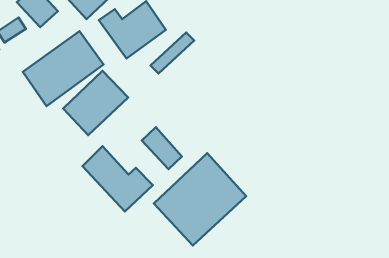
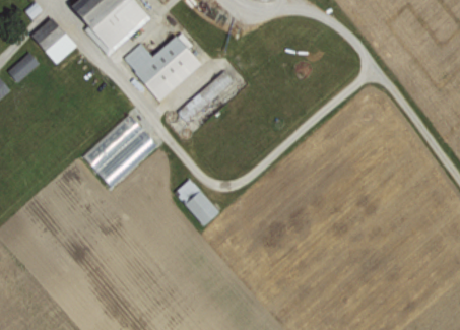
building: [23,31,103,106] -> none
building: [83,146,153,212] -> none
building: [154,153,246,245] -> none

